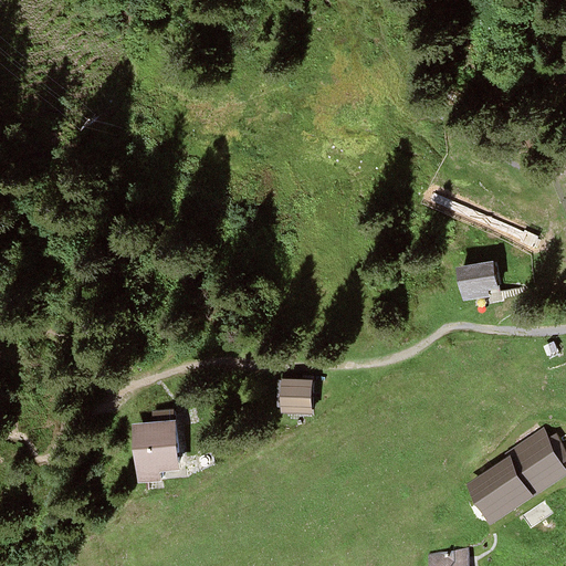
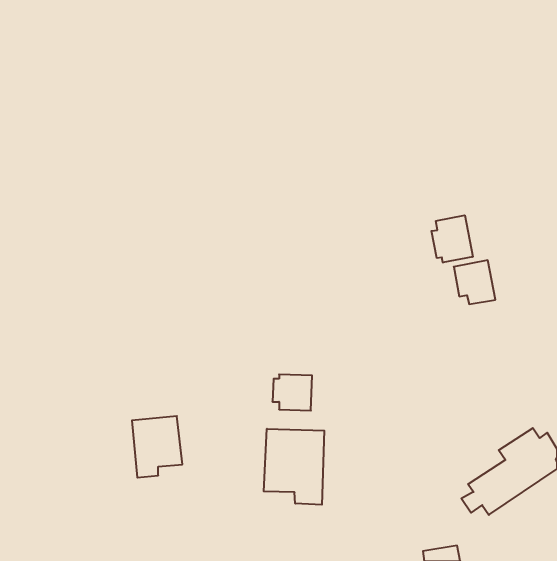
building: none -> [431,215,473,263]
building: none -> [264,429,324,505]

